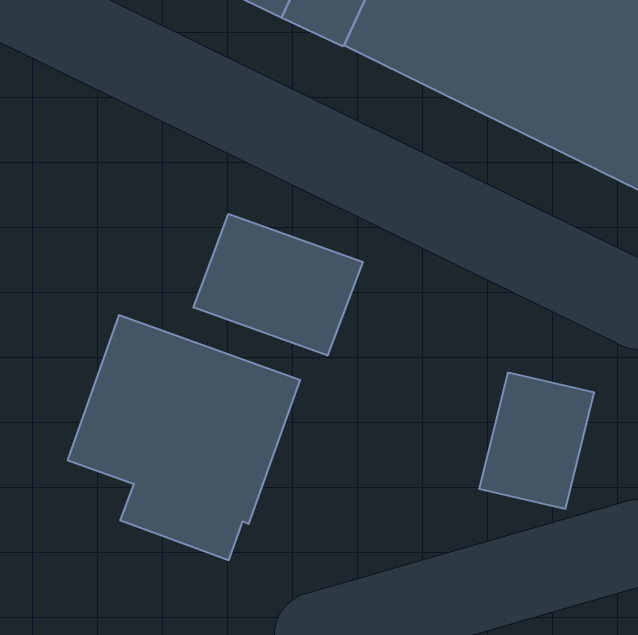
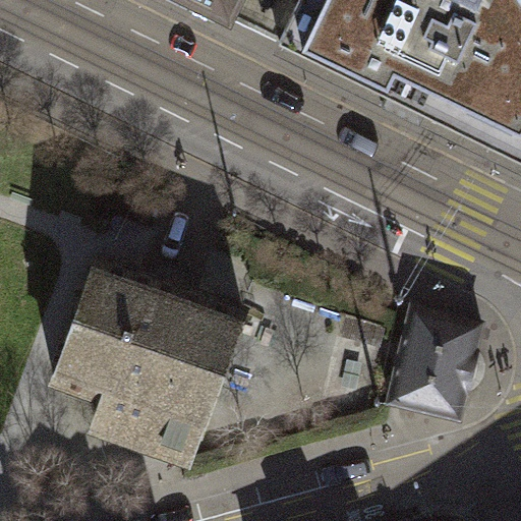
building: [193,214,363,356] -> none

